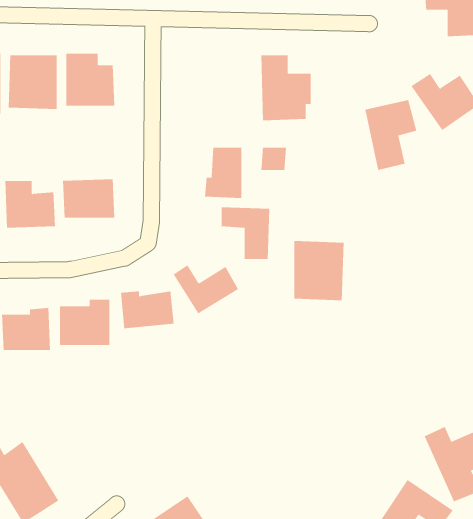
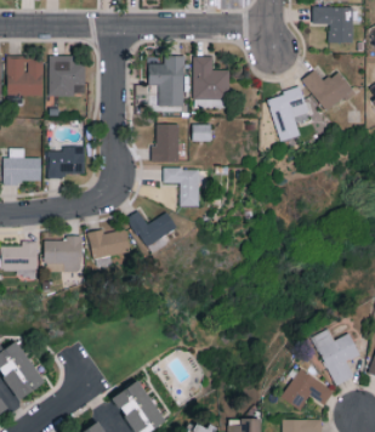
building: none -> [148,56,184,106]
building: [294,240,344,301] -> none

